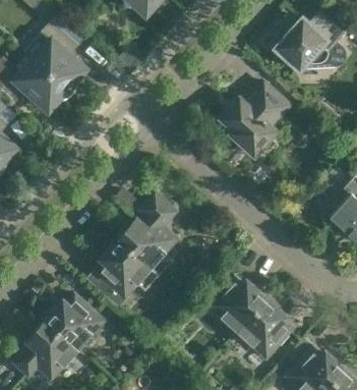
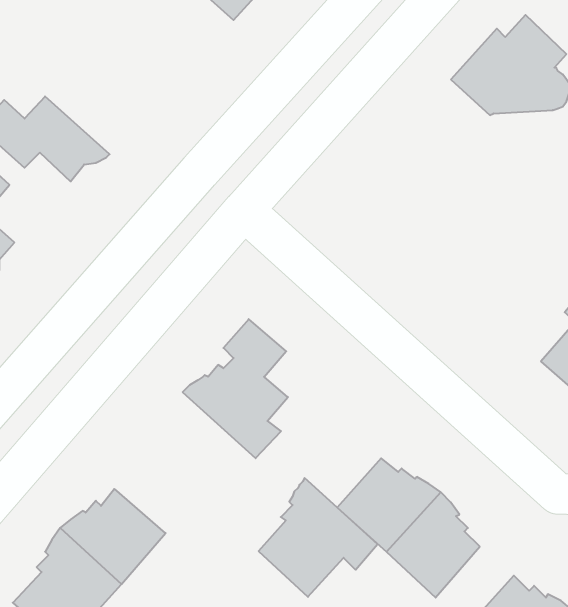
building: [32,19,83,94] -> none
building: [220,82,289,157] -> none
building: [86,236,158,308] -> [259,478,378,597]

